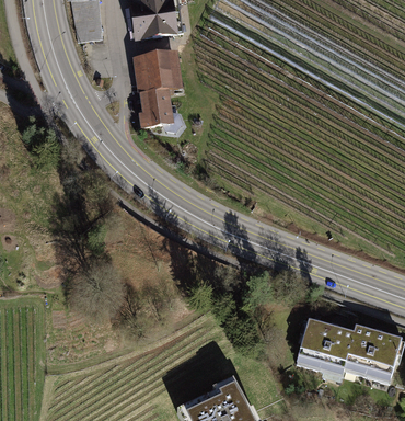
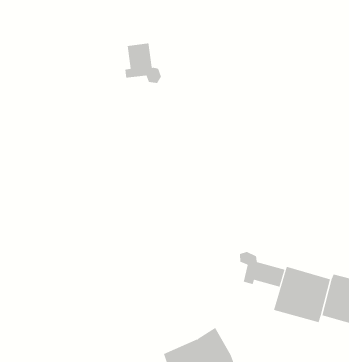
building: [140,54,180,92] -> none
building: none -> [239,251,285,288]

